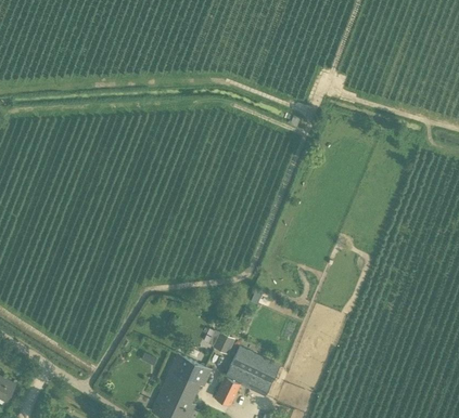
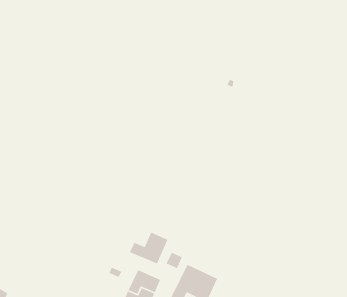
building: none -> [129,232,169,265]

